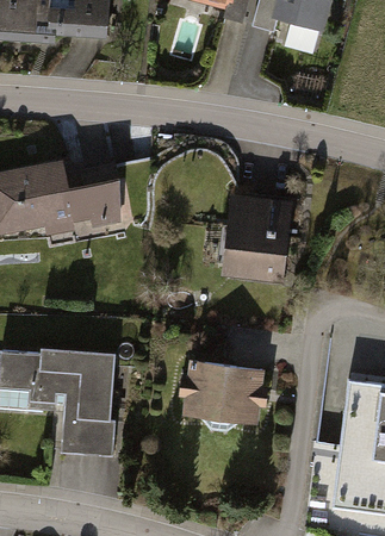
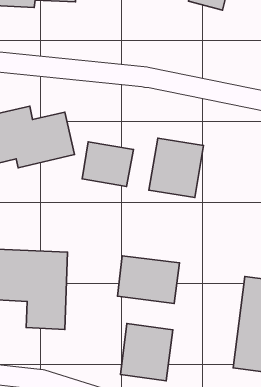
building: none -> [82,142,133,186]
building: none -> [121,324,173,381]

